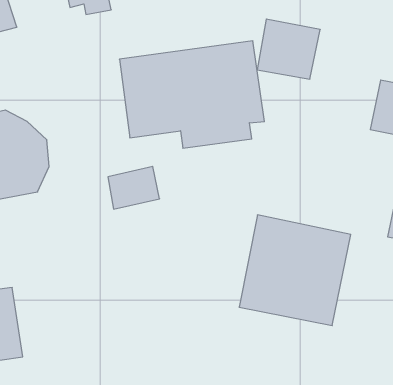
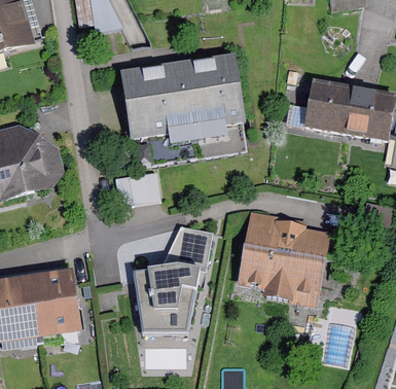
building: [257,19,320,79] -> [301,79,358,133]
building: none -> [134,219,215,330]
building: none -> [29,267,81,335]

